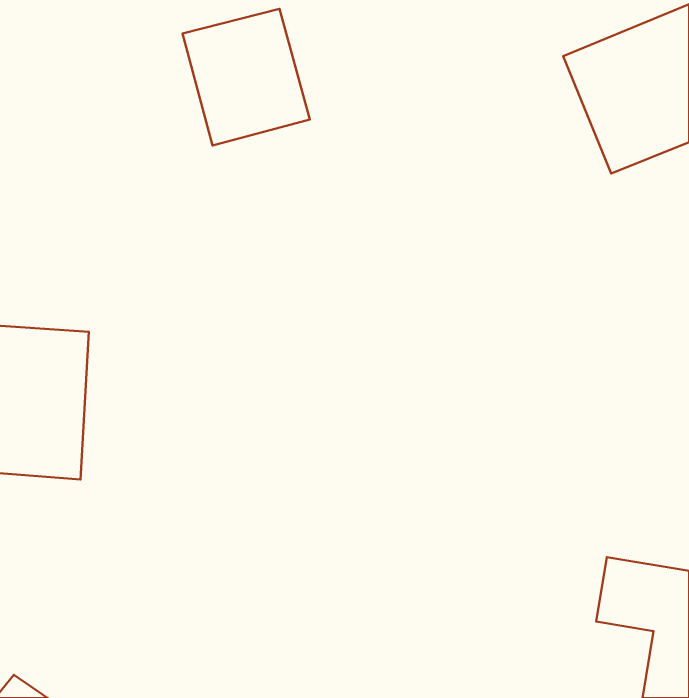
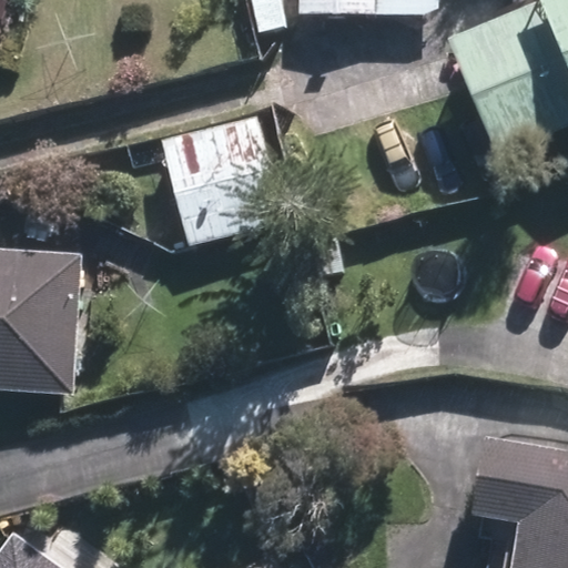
building: [183,9,310,145] -> [166,128,270,239]

